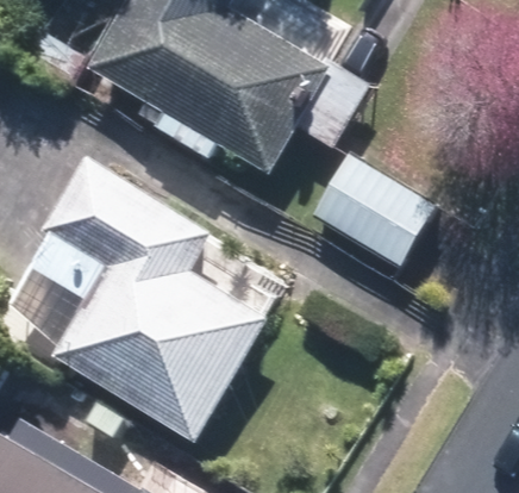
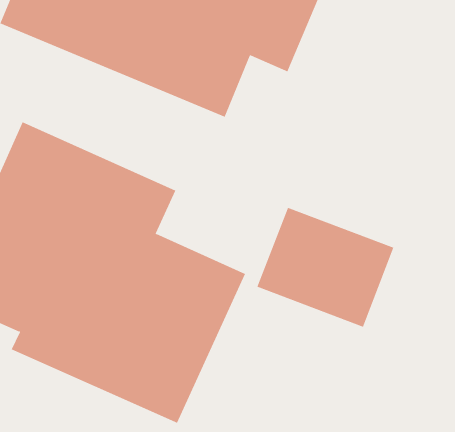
building: [308,148,434,263] -> [257,207,394,327]

